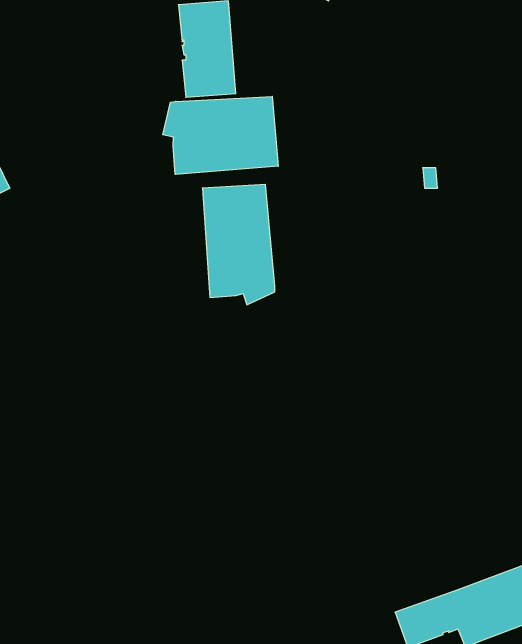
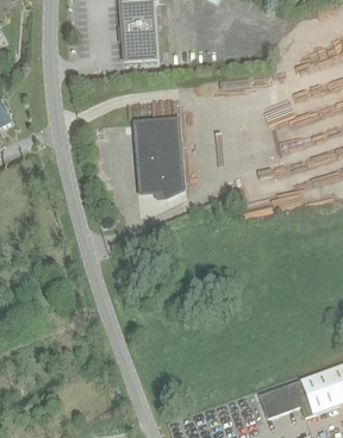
building: [163,96,278,174] -> none

